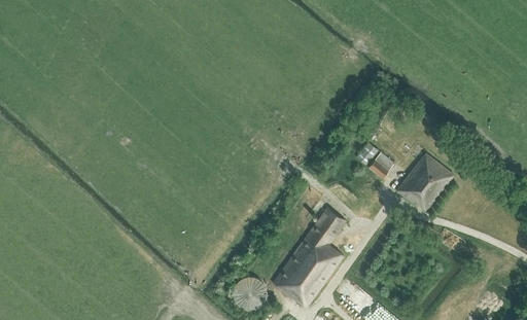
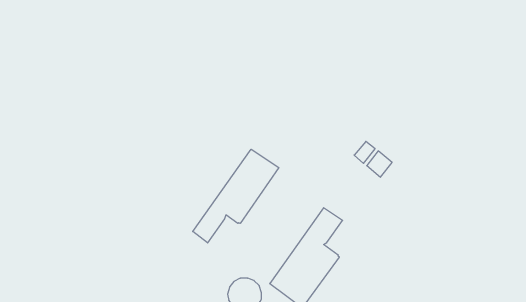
building: none -> [193,149,279,243]
building: [396,154,453,212] -> none

